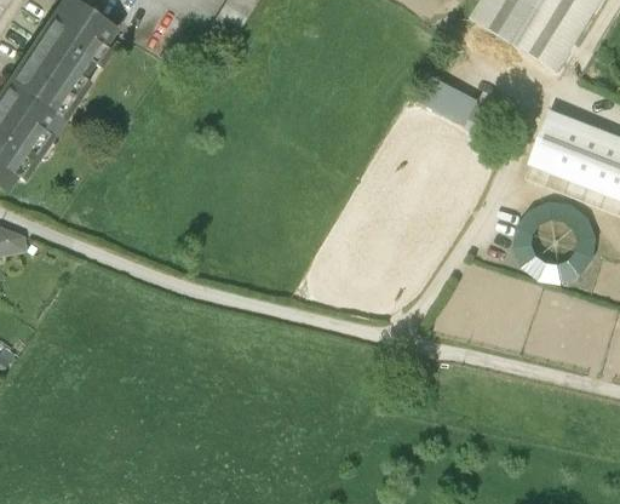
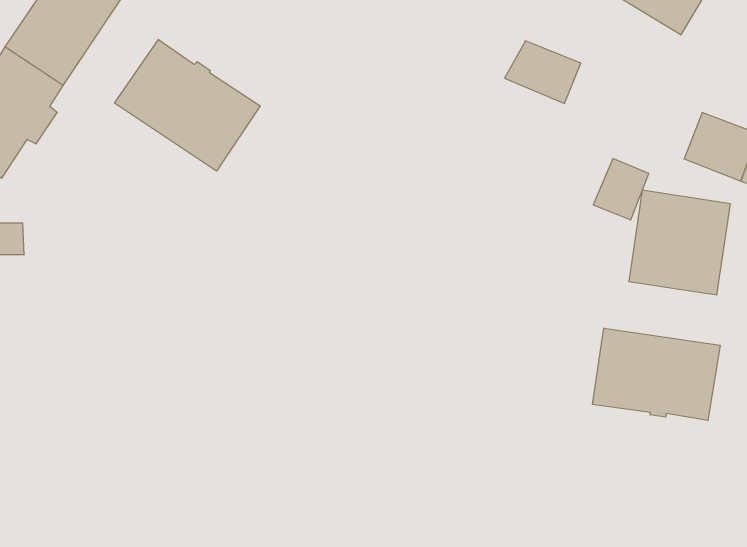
building: none -> [115,39,260,171]
building: [529,122,574,172] -> [593,159,649,220]
building: none -> [592,328,720,421]

